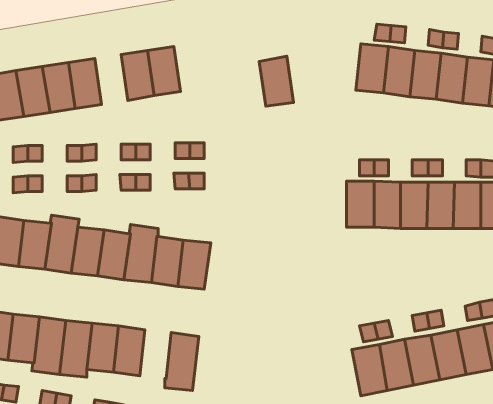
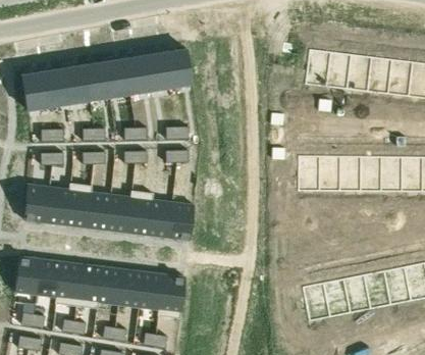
building: none -> [105,58,130,97]
building: [259,56,293,106] -> [166,48,193,87]
building: none -> [140,271,164,309]

